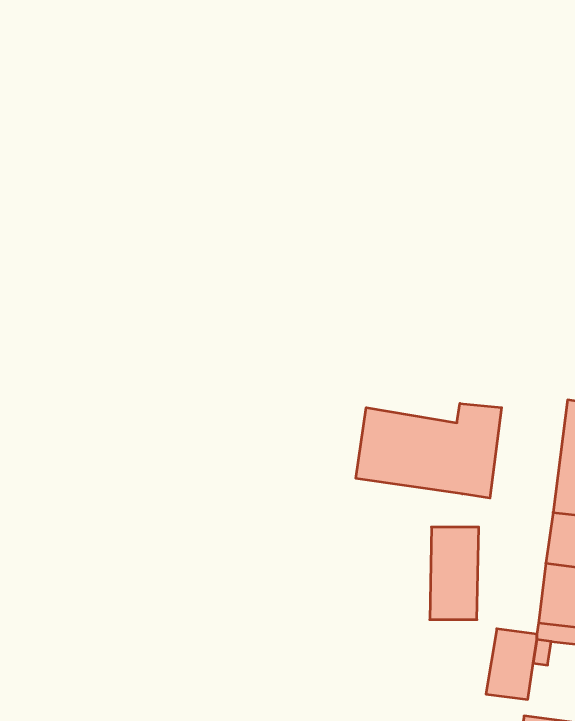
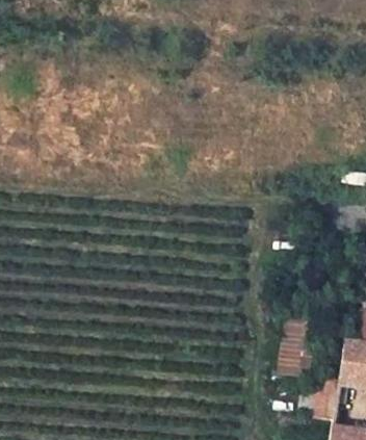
building: [356,403,502,498] -> none

